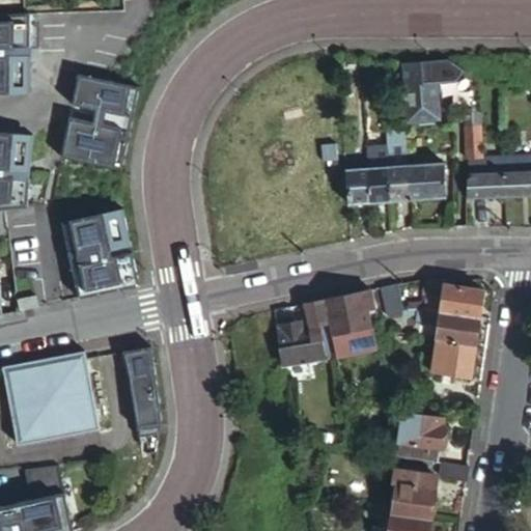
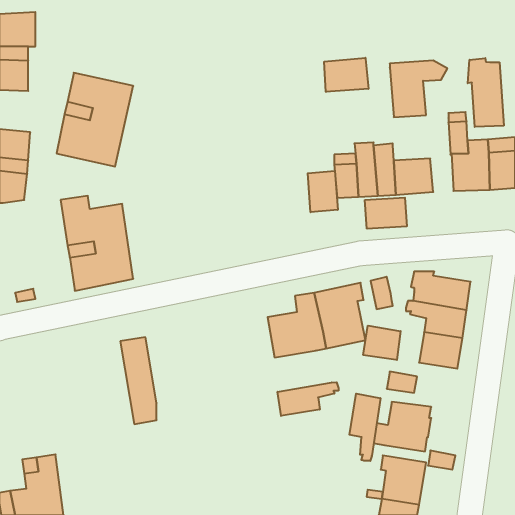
building: none -> [324,58,368,92]
building: none -> [468,58,504,127]
building: none -> [308,171,338,212]
building: none -> [365,198,407,229]
building: none -> [363,326,401,360]
building: [4,354,100,446] -> none
building: none -> [278,382,339,416]
building: none -> [349,394,380,461]

